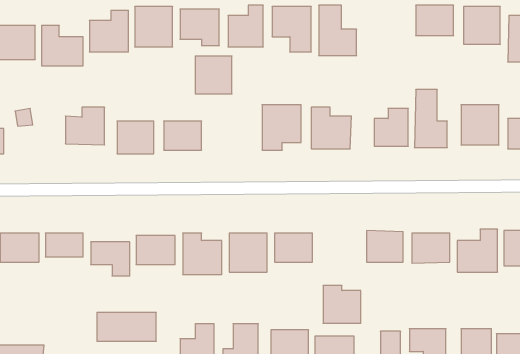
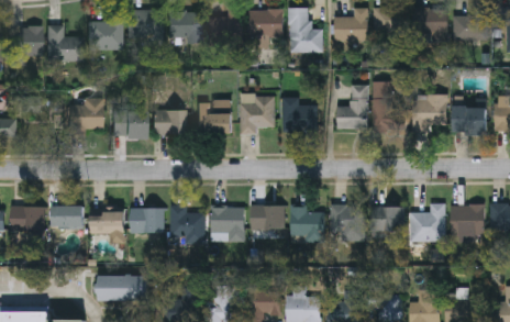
building: none -> [334,8,367,41]
building: [195,56,232,94] -> [199,100,231,133]
building: [323,286,361,323] -> [291,207,324,240]

